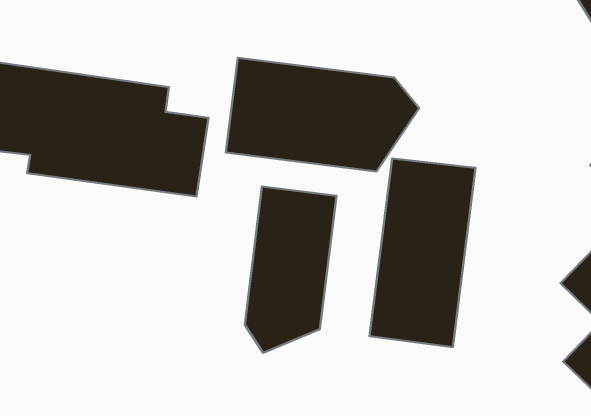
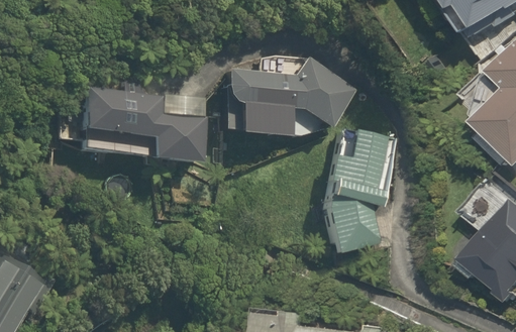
building: [245,186,336,353] -> none

